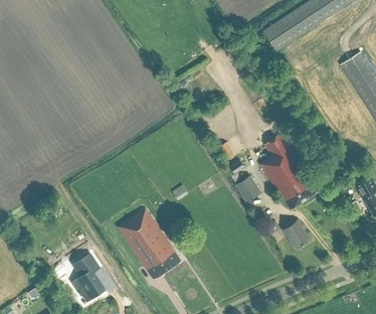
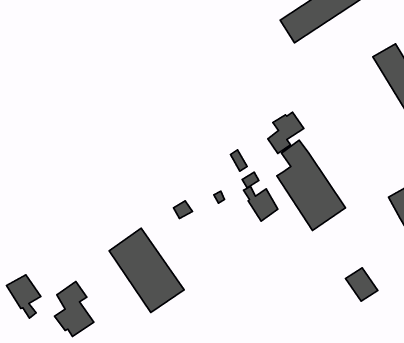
building: none -> [268,112,304,154]
building: [283,220,310,249] -> [346,268,378,301]
building: none -> [7,275,41,318]

